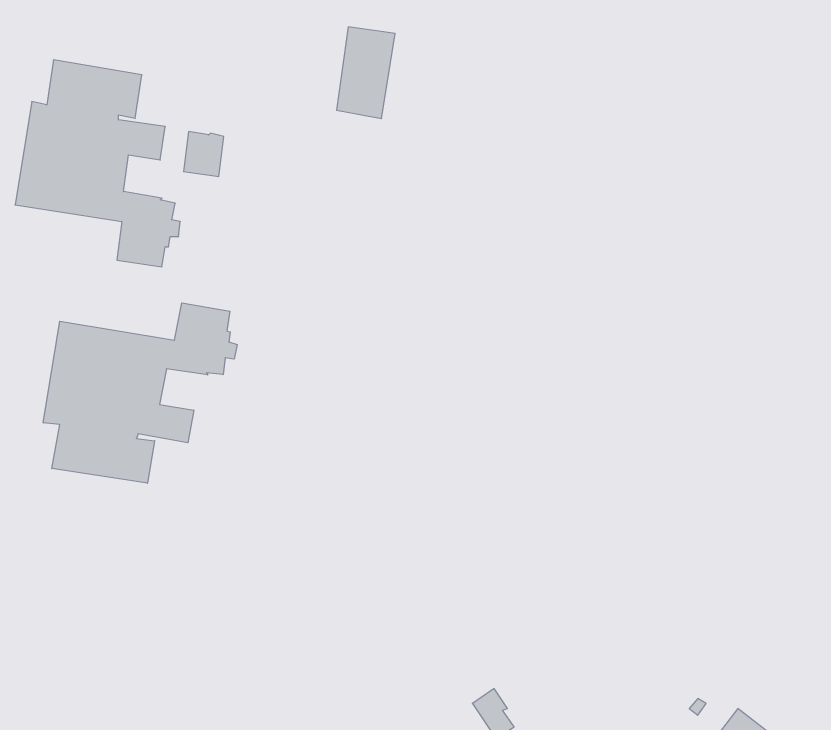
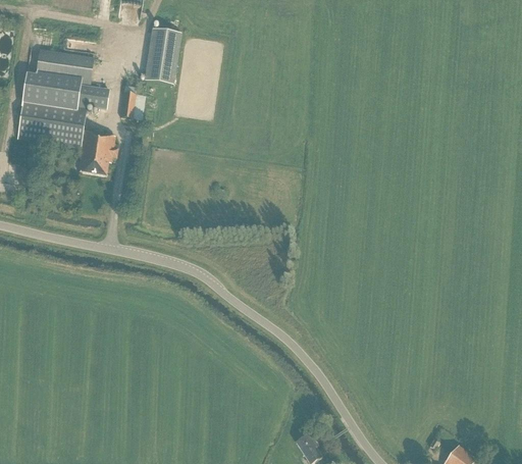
building: [337,27,395,119] -> [145,28,180,84]
building: [43,303,237,483] -> none

